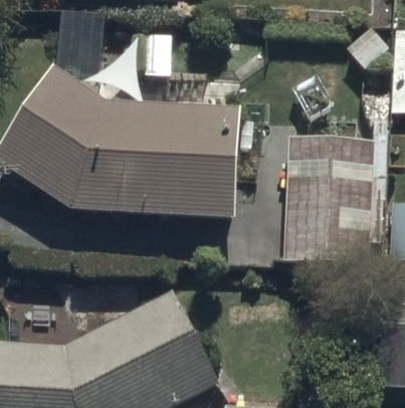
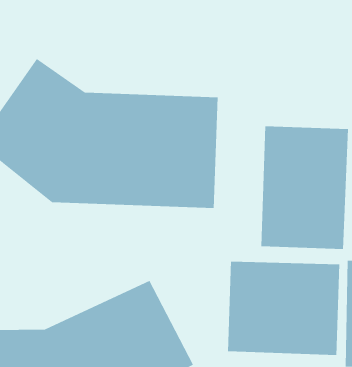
building: none -> [227,261,340,356]

